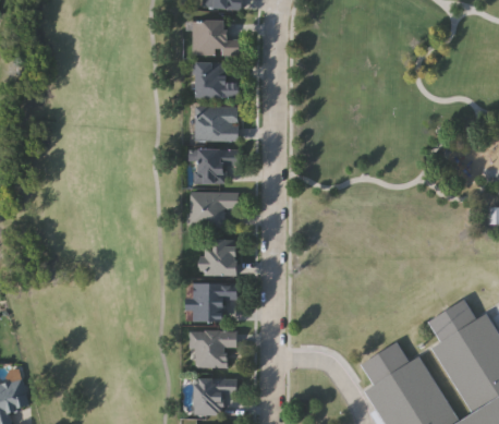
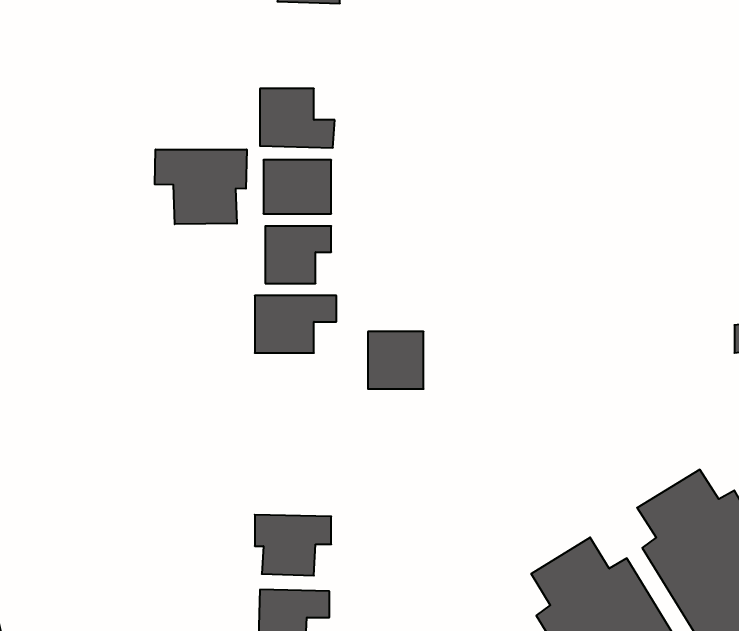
building: [193,19,239,56] -> none
building: none -> [155,149,247,224]
building: [200,240,235,276] -> [368,332,424,389]
building: [191,283,235,322] -> none

